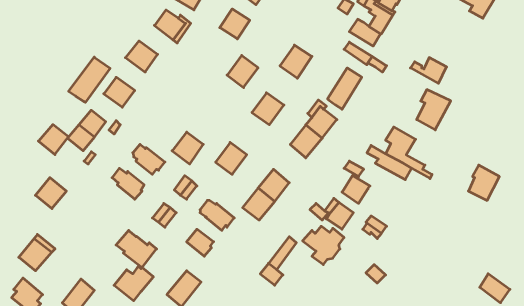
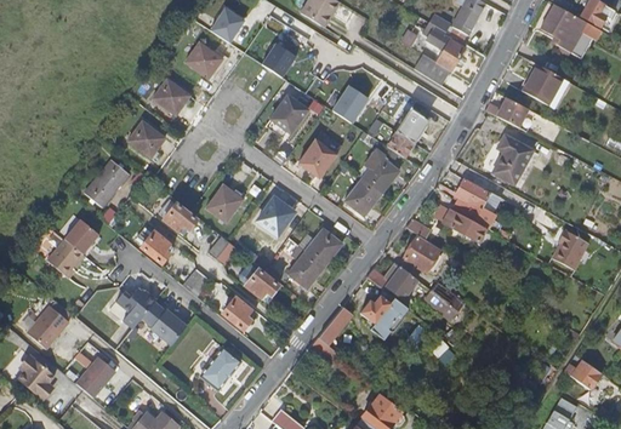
building: none -> [523,64,568,107]
building: [69,57,110,102] -> none
building: [38,125,68,155] -> [63,219,98,254]
building: [114,267,153,301] -> [109,288,155,328]

